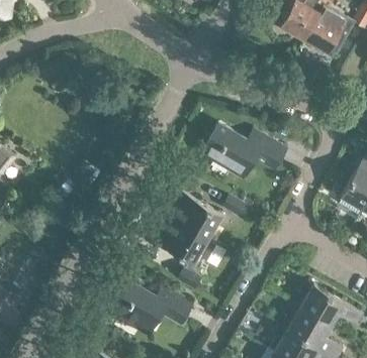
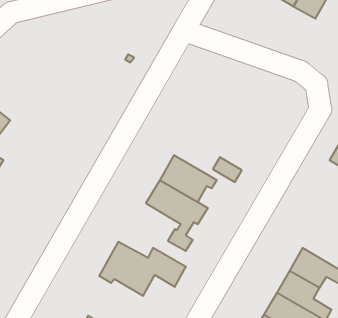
building: [199,123,287,177] -> none

